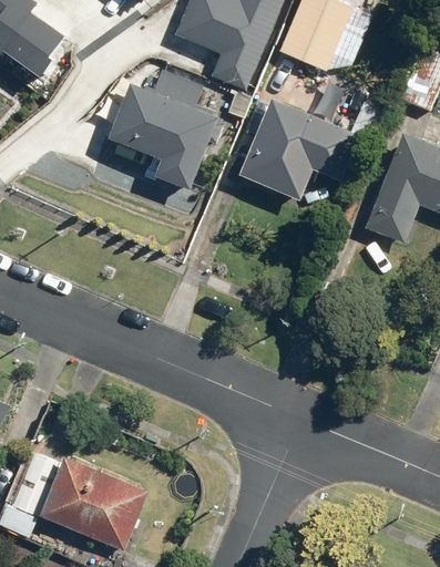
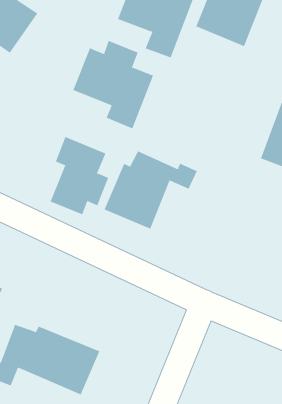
building: [239,95,360,202] -> none
building: none -> [50,136,109,215]
building: none -> [104,151,197,229]

